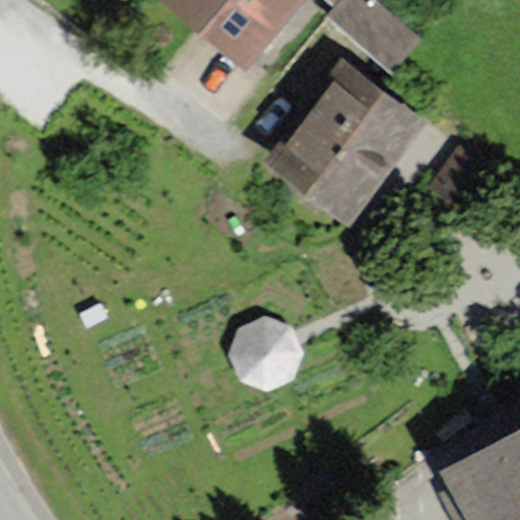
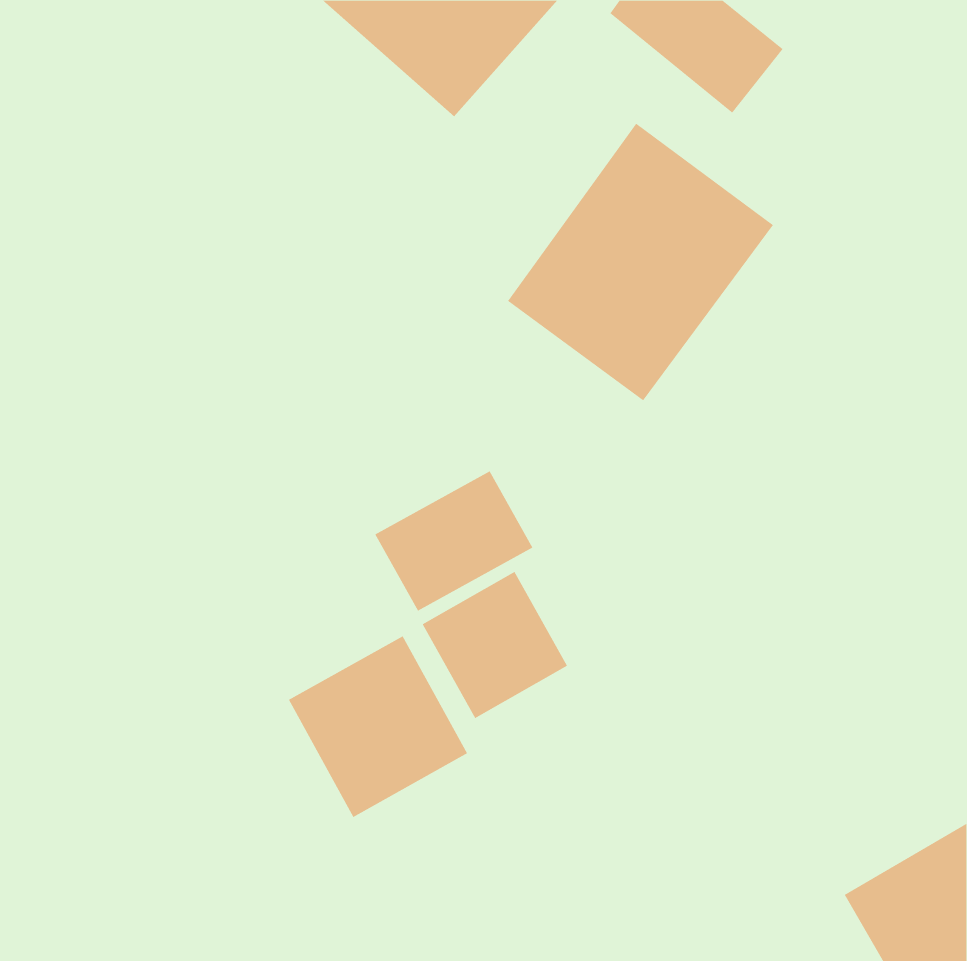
building: none -> [375,470,533,611]
building: none -> [288,635,468,818]

